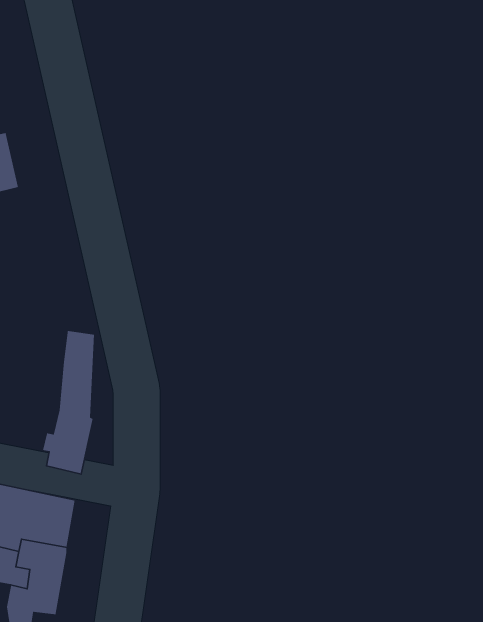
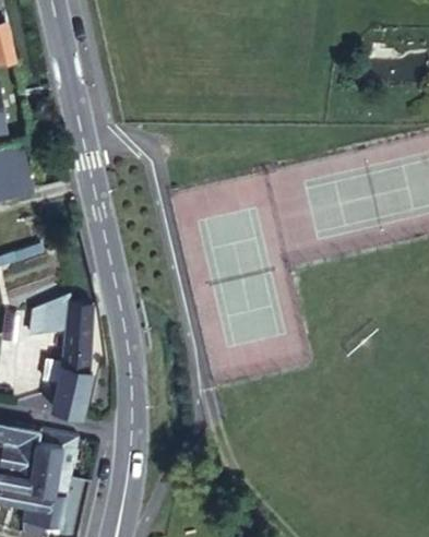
building: none -> [32,296,71,337]

